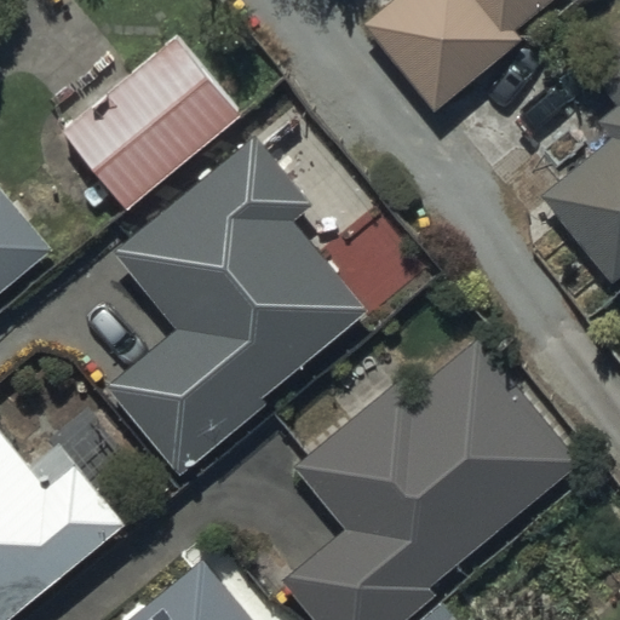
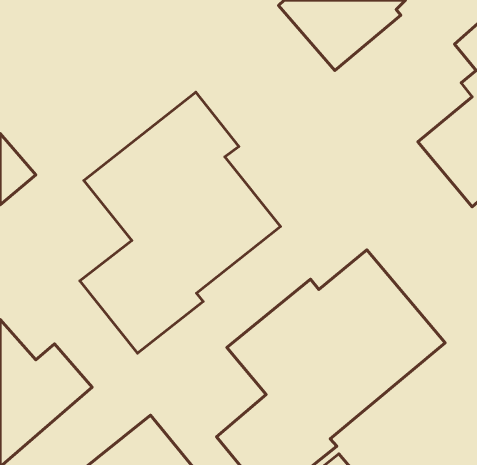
building: [33,39,285,235] -> none

